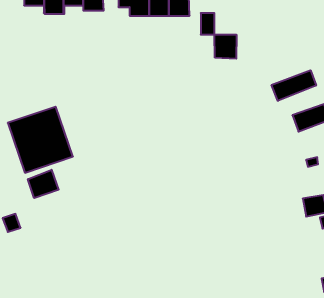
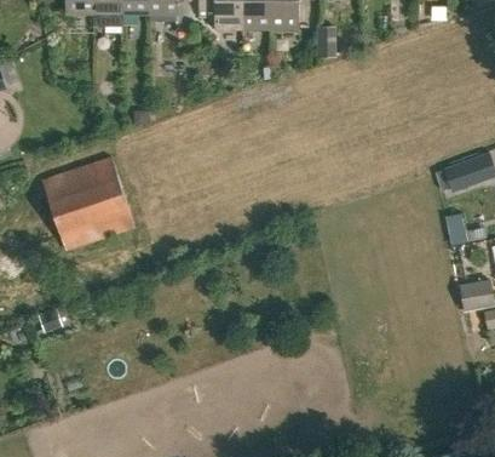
building: [214,35,236,59] -> none
building: [272,70,316,101] -> none
building: [28,170,59,198] -> none

